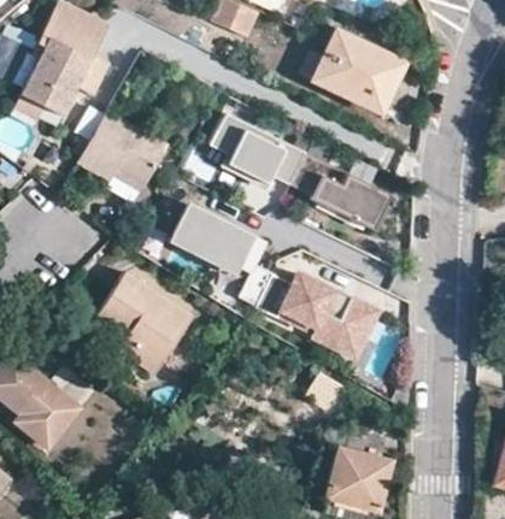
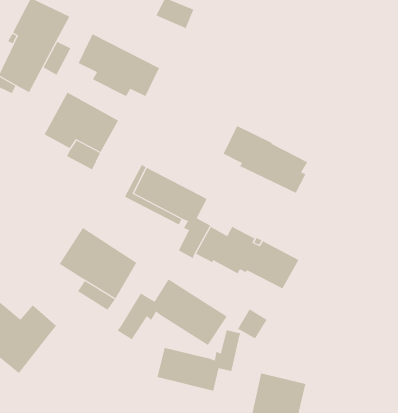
building: [299,33,404,114] -> none
building: [209,114,306,189] -> [78,34,160,97]
building: none -> [117,279,227,346]
building: none -> [157,330,241,391]

